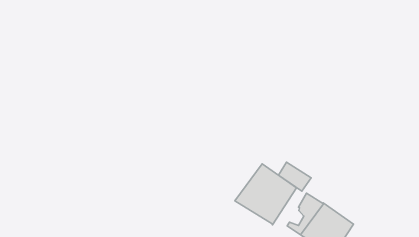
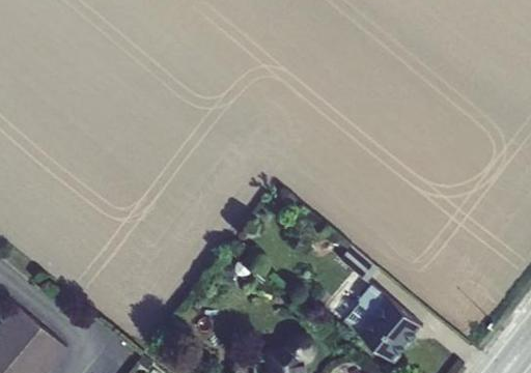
building: [235,164,296,225] -> none

